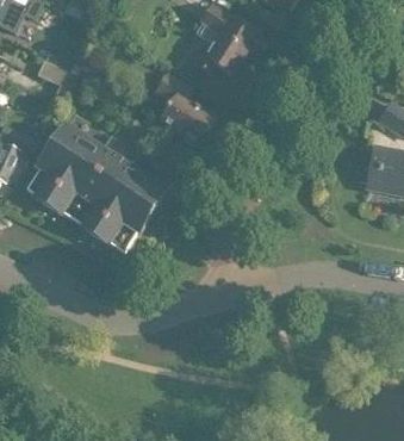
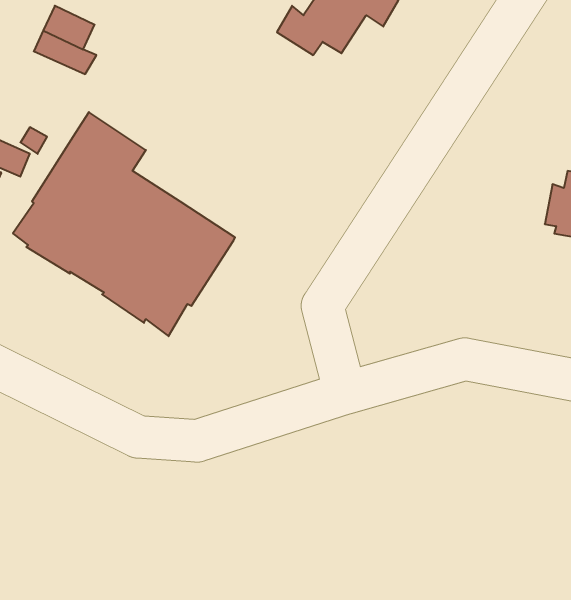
building: [155,72,218,145] -> none

